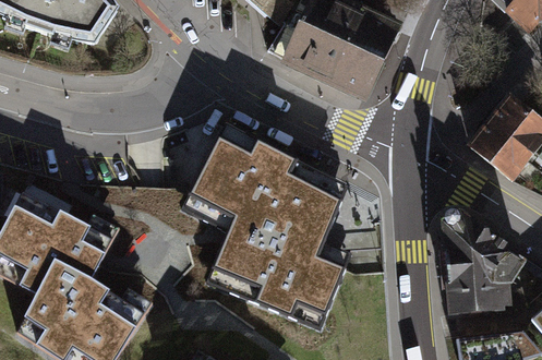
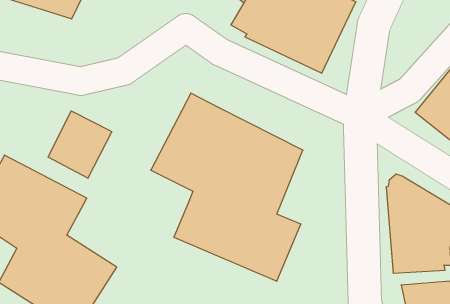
building: none -> [48,111,112,178]

